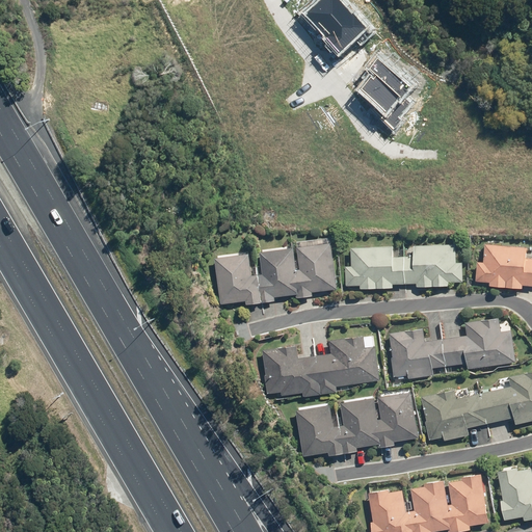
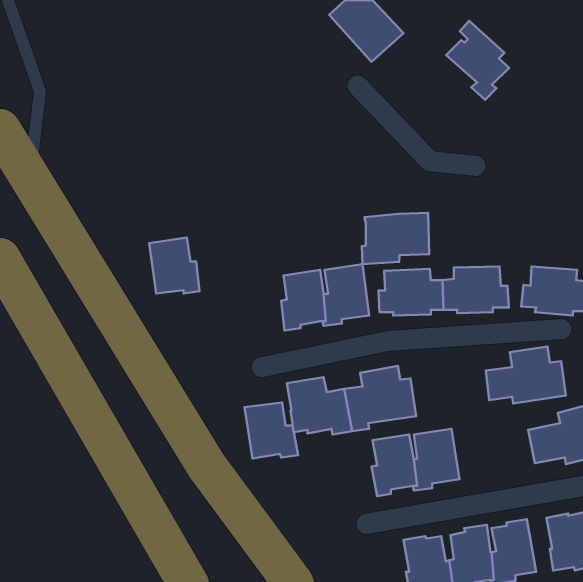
building: [357,60,415,132] -> [446,21,509,100]
building: none -> [362,213,429,264]
building: [214,254,260,304] -> [149,237,200,293]
building: [389,328,446,379] -> none
building: [421,389,487,441] -> none
building: [295,405,344,456] -> [244,402,298,459]

